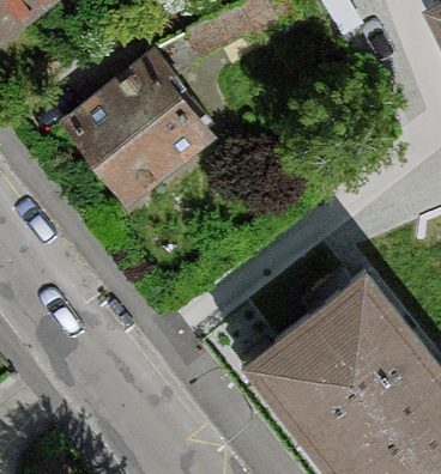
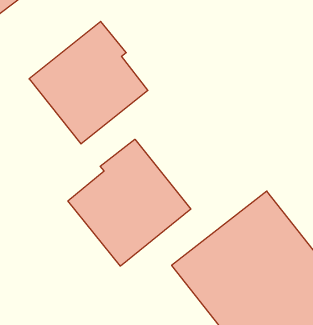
building: none -> [68,139,191,266]

